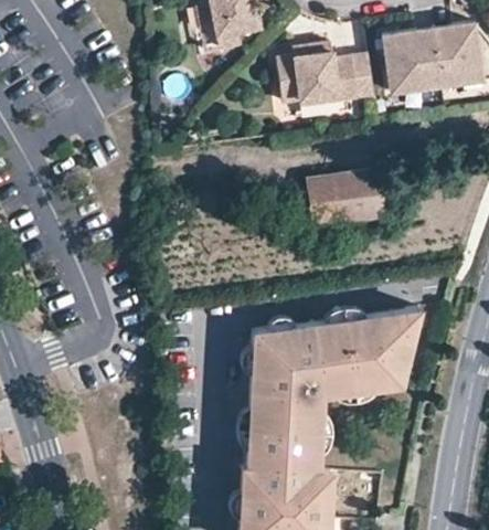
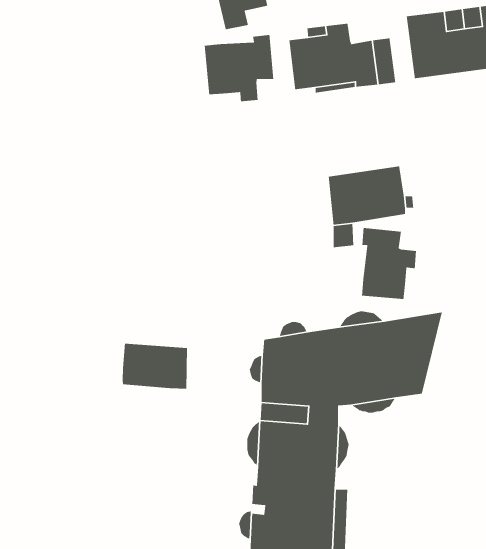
building: none -> [204,34,274,102]
building: none -> [361,227,417,300]
building: none -> [122,343,188,390]

